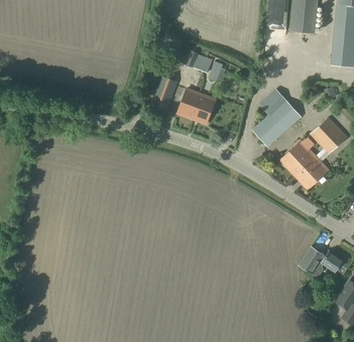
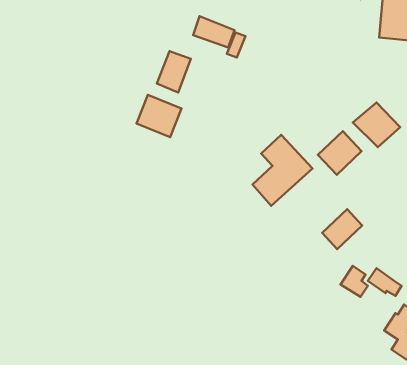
building: [178,89,214,123] -> [137,95,181,137]
building: [252,89,301,146] -> [252,135,312,206]
building: [296,156,328,189] -> [322,209,362,249]

